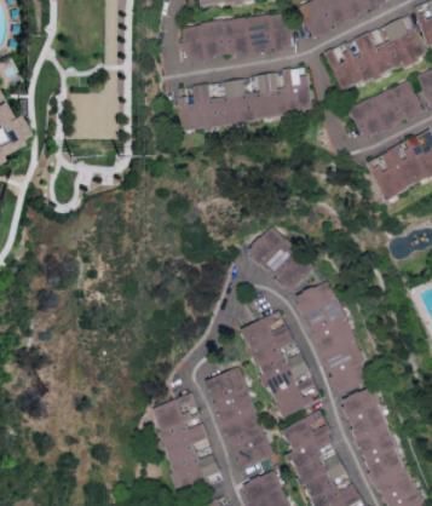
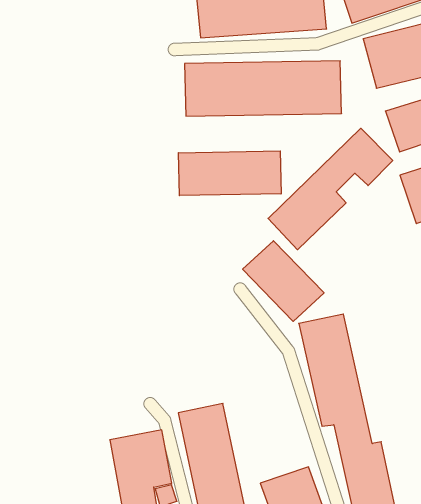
building: none -> [268,128,393,250]
building: none -> [178,151,281,196]
building: [241,311,321,418] -> none

